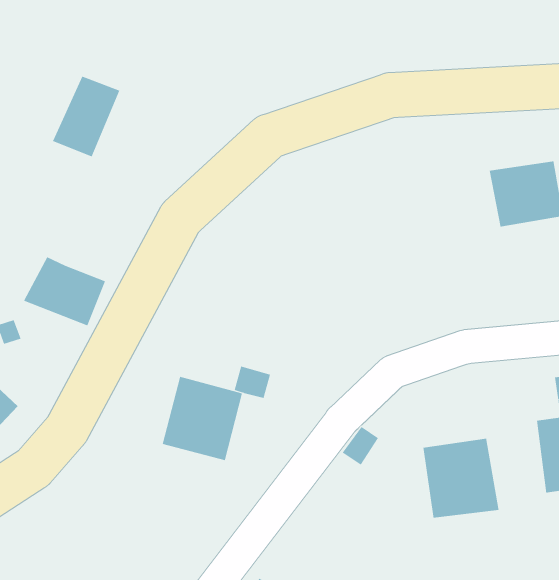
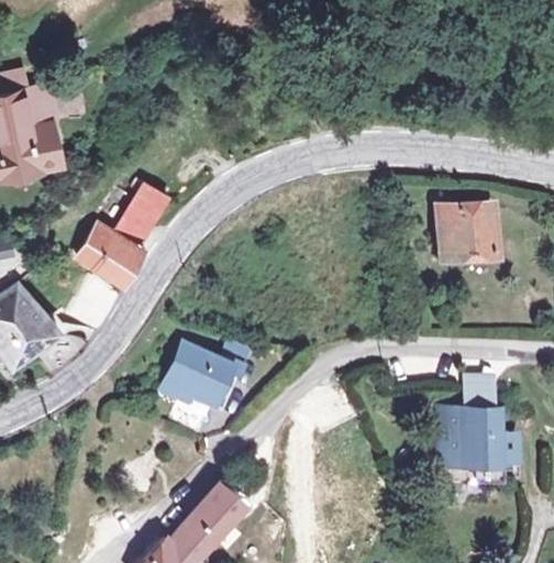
building: [52,76,120,157] -> [108,191,165,254]
building: [423,438,499,518] -> none

